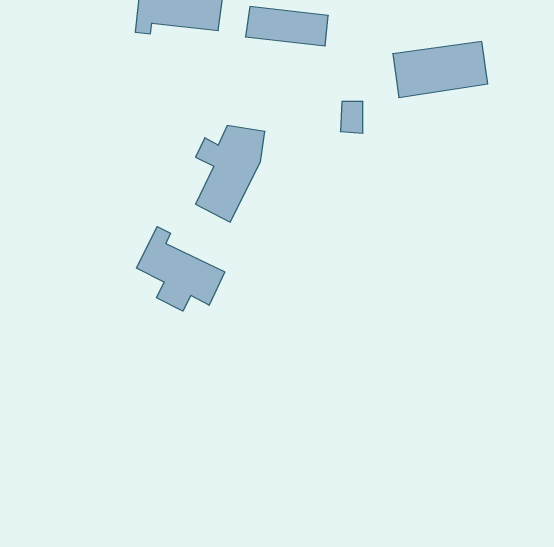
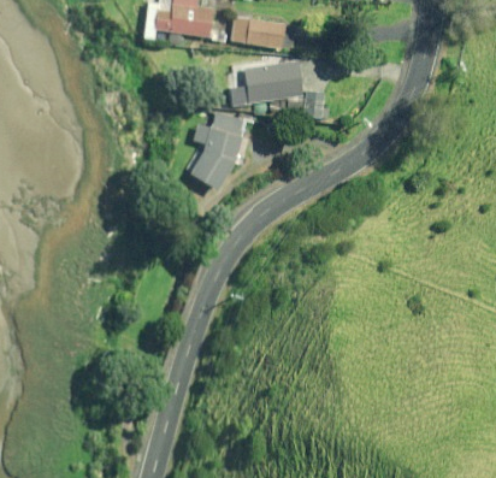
building: [393,42,488,97] -> [228,61,303,106]
building: [136,227,225,311] -> none

